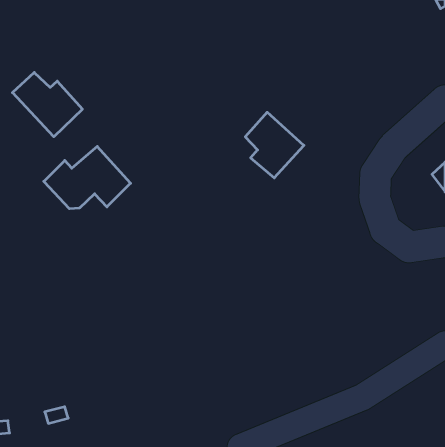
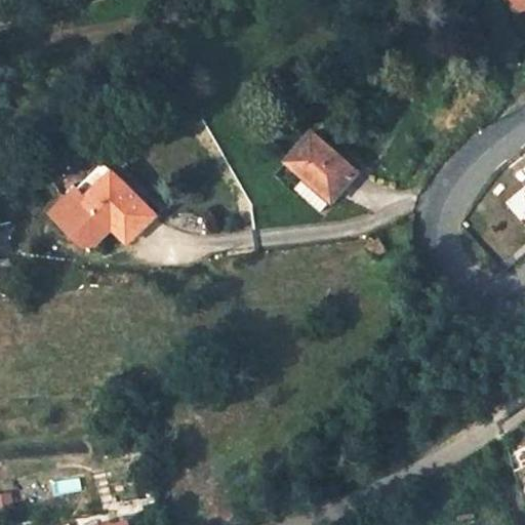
building: [12,72,82,137] -> none

